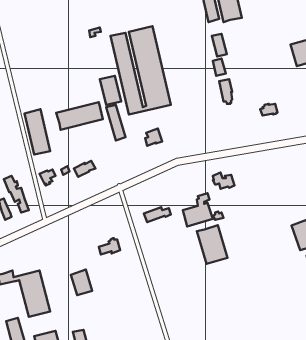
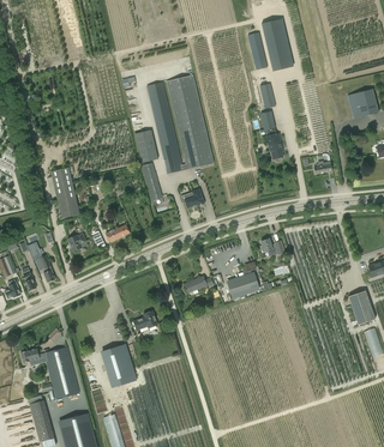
building: [56,102,103,130] -> none
building: [197,225,227,264] -> none

